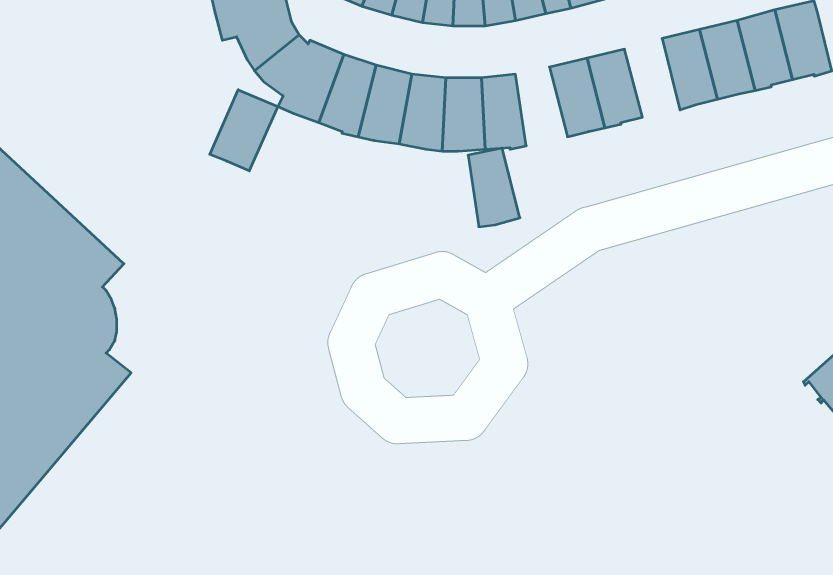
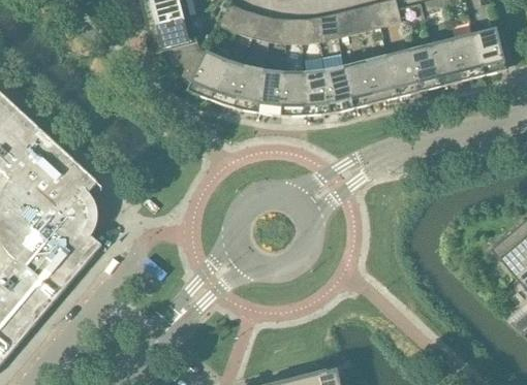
building: none -> [388,50,420,95]
building: [210,90,278,171] -> none
building: [468,148,520,227] -> [324,66,354,111]

